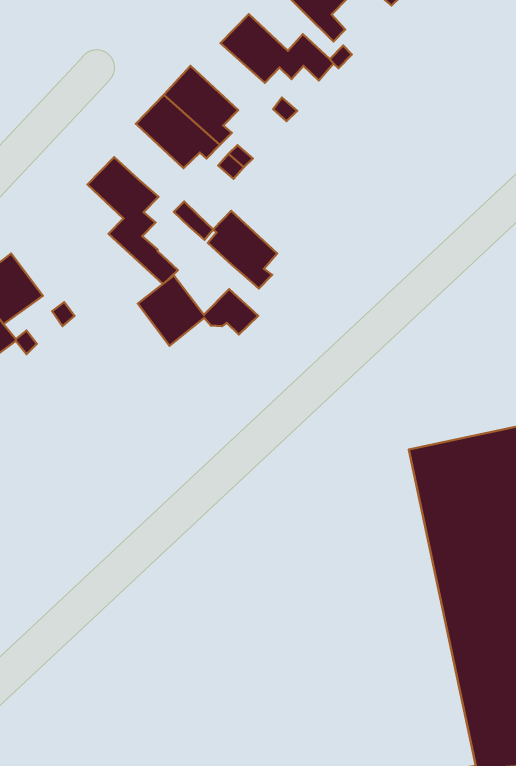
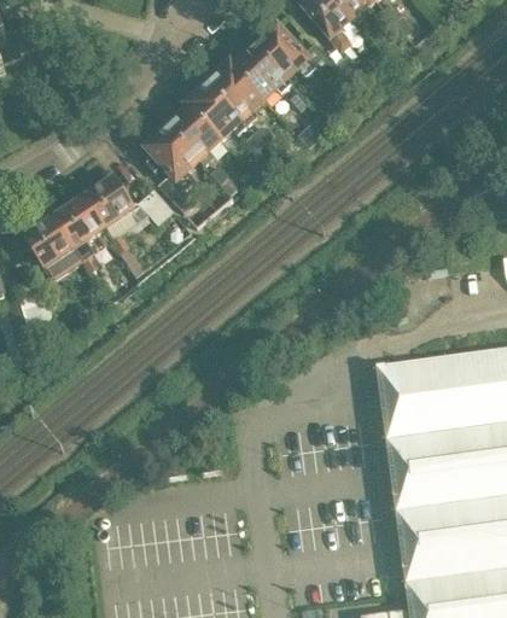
building: none -> [231,45,286,97]
building: [208,211,277,288] -> [168,103,220,163]
building: [138,276,258,346] -> [84,174,175,227]

